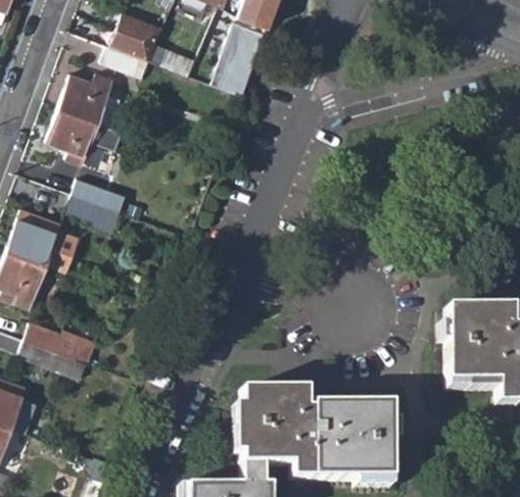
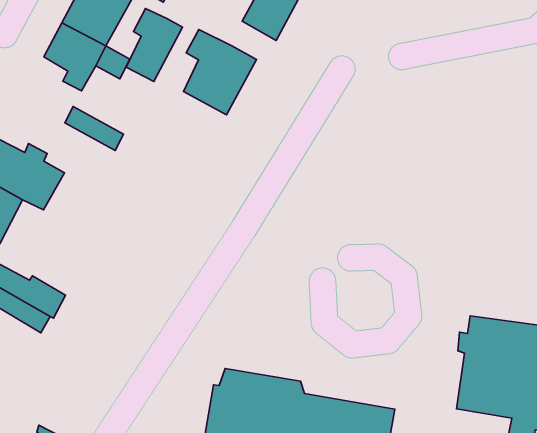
building: none -> [126,9,182,82]
building: none -> [183,29,256,115]
building: [67,195,120,233] -> none

